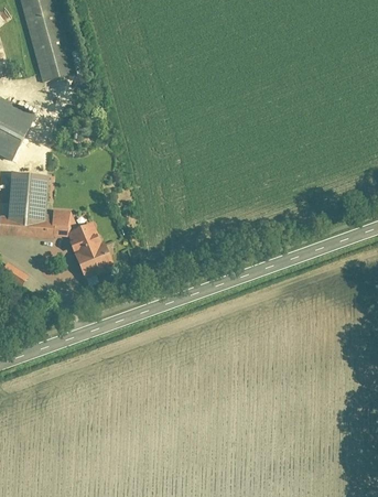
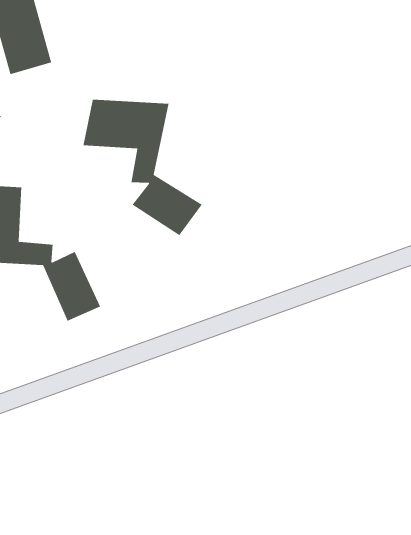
building: none -> [82,99,203,236]

